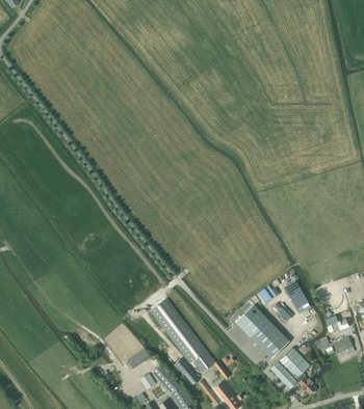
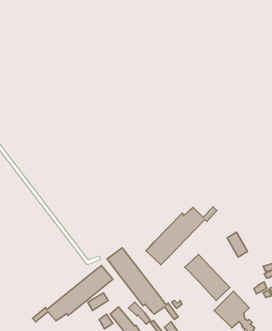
building: none -> [146,207,217,265]
building: none -> [33,266,113,322]

